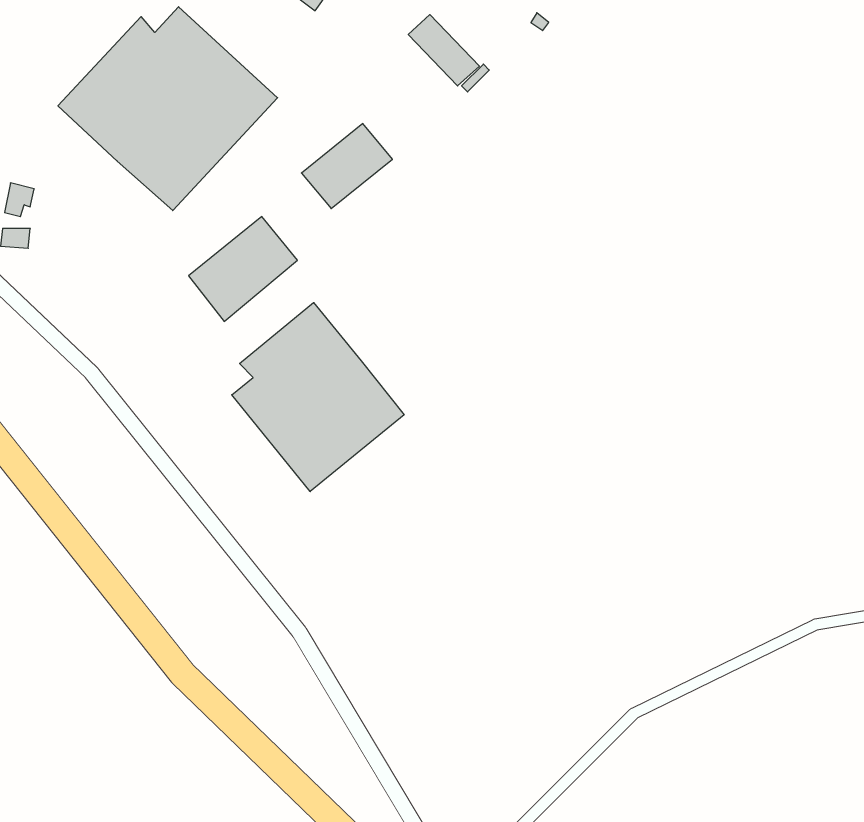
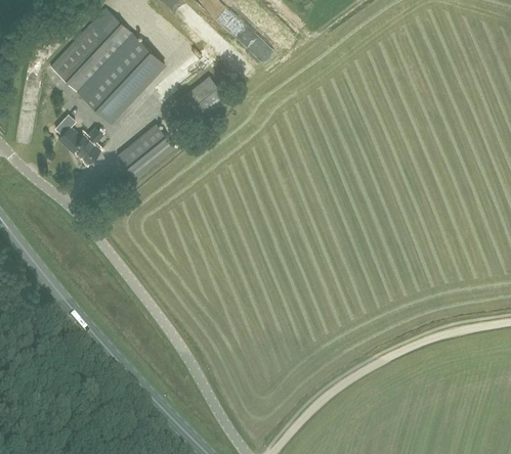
building: none -> [58,128,103,163]
building: [232,303,404,492] -> none

